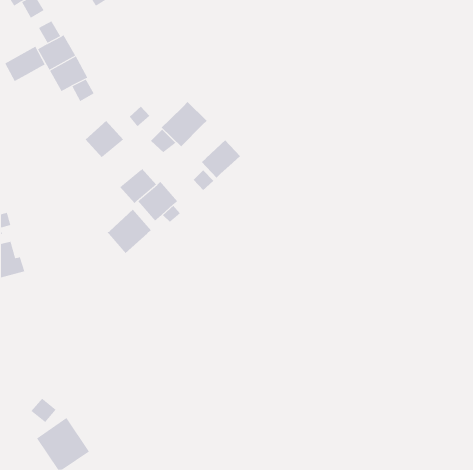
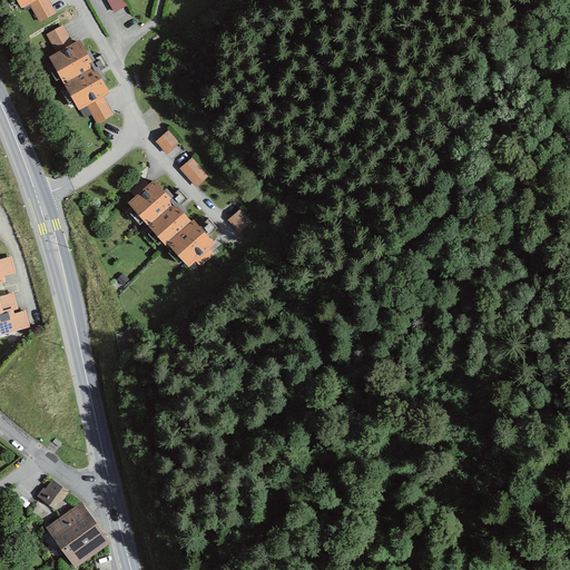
building: [4,46,46,82] -> none
building: [161,101,208,147] -> none
building: [85,120,124,158] -> [124,180,170,226]
building: [201,139,241,178] -> none
building: [106,209,152,254] -> none

